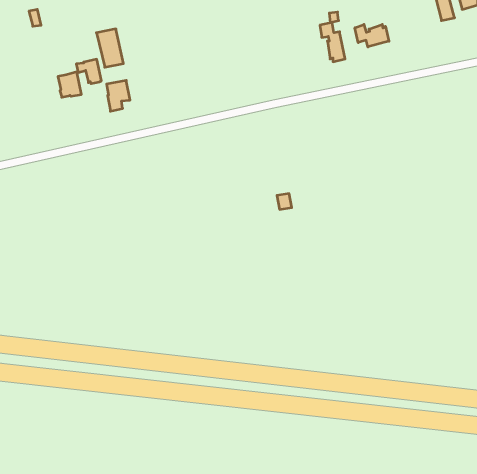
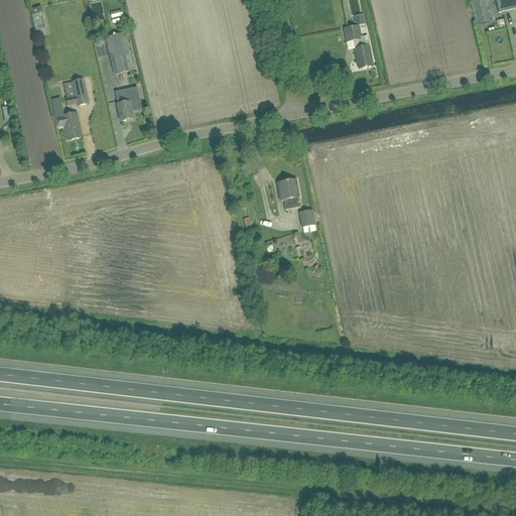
building: [355,24,389,47] -> none
building: [76,59,101,84] -> [54,112,82,138]
building: none -> [277,178,300,209]

